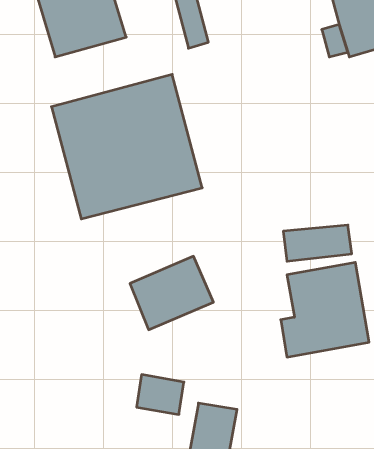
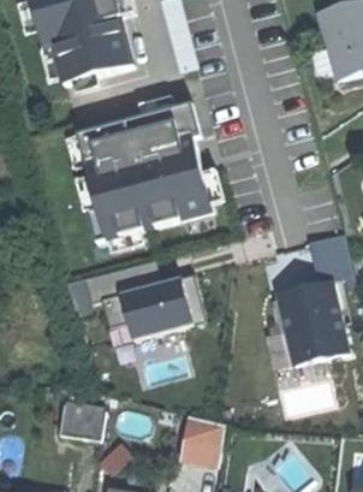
building: [137,375,184,414] -> [59,405,105,444]

